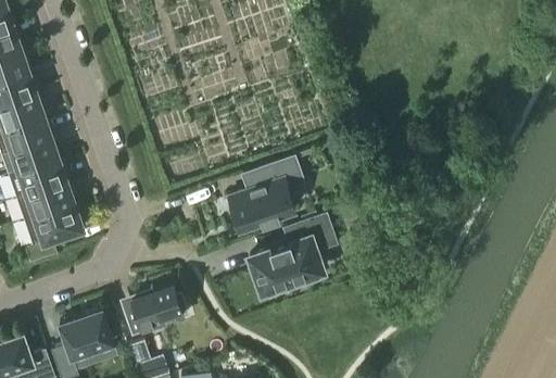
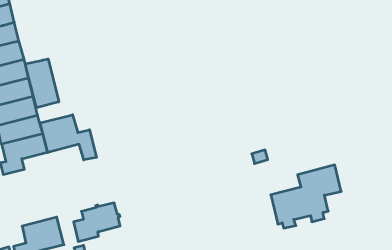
building: none -> [25,59,59,108]
building: [228,158,304,230] -> none
building: none -> [40,115,97,160]
building: [249,215,337,300] -> [271,165,341,228]

